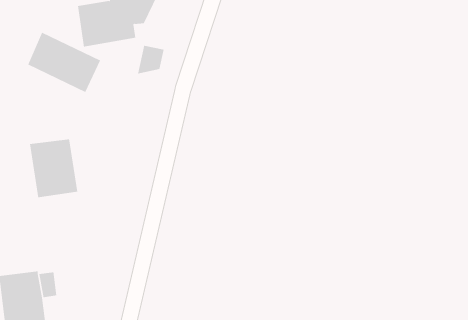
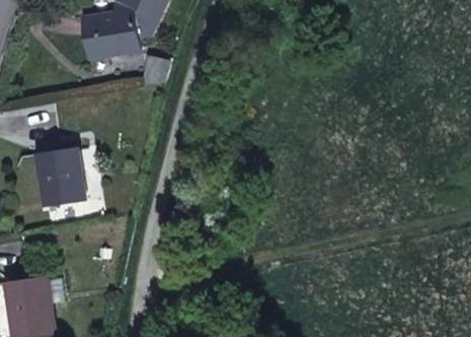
building: [27,32,101,93] -> none

